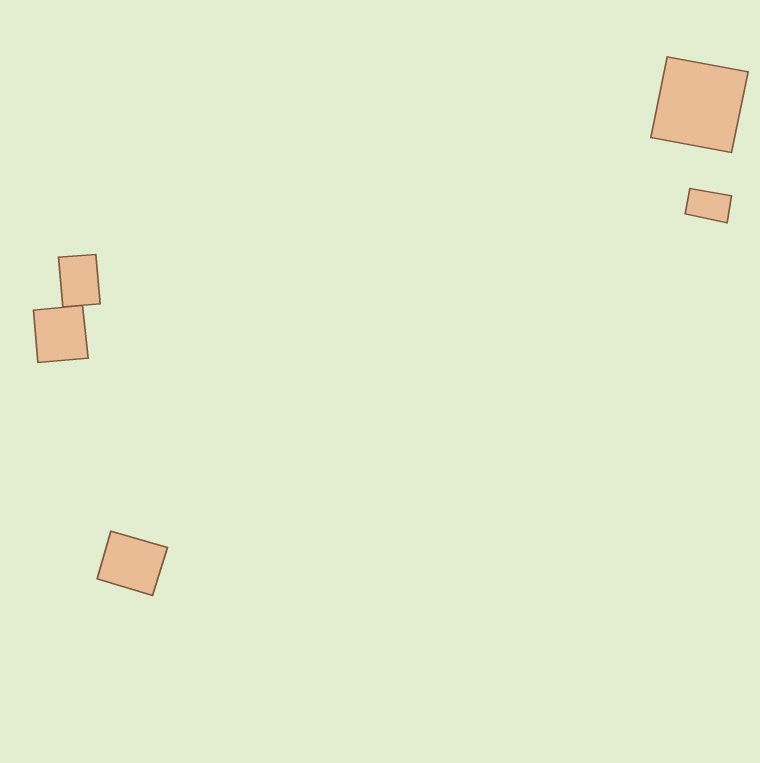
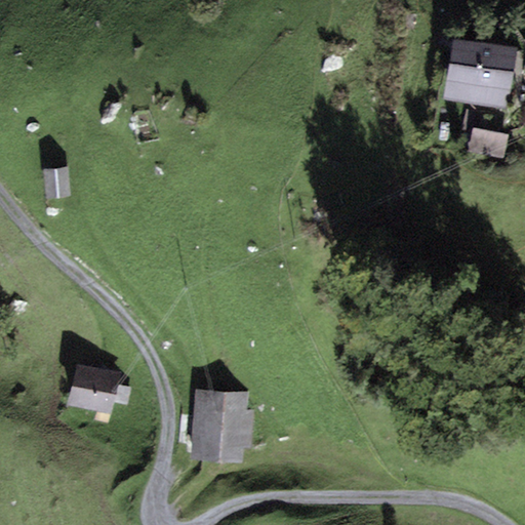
building: [33,305,88,363] -> none
building: none -> [198,393,250,457]

